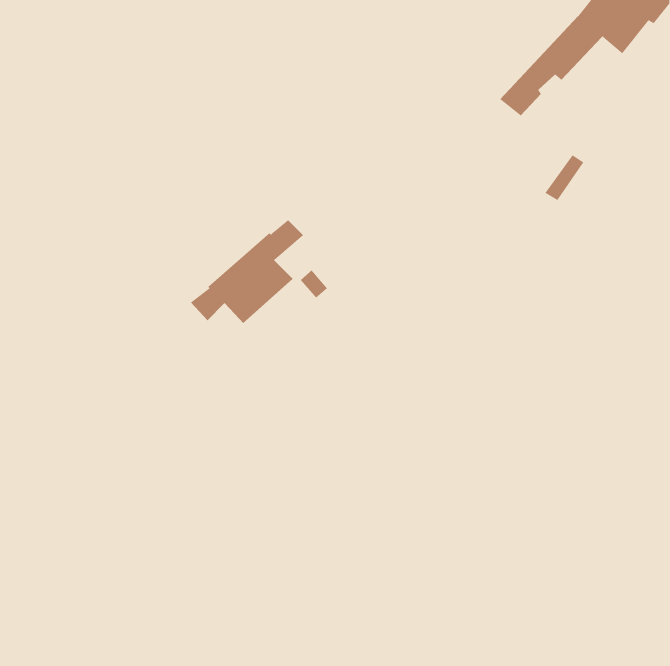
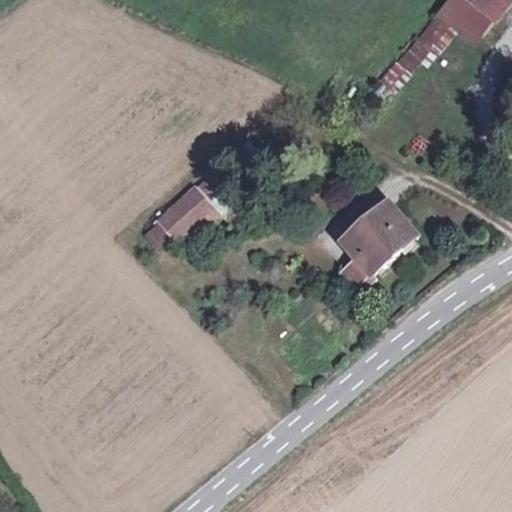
building: none -> [343,205,417,288]

